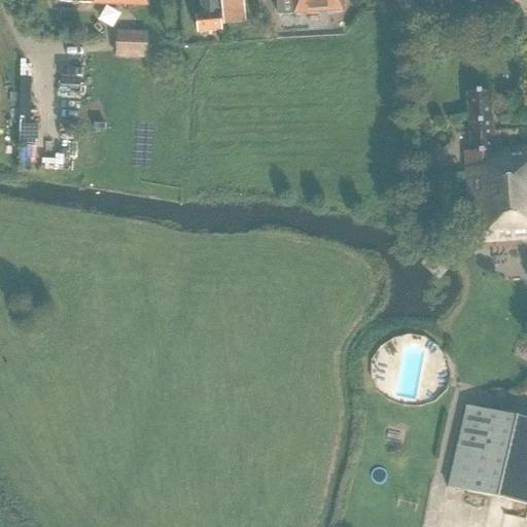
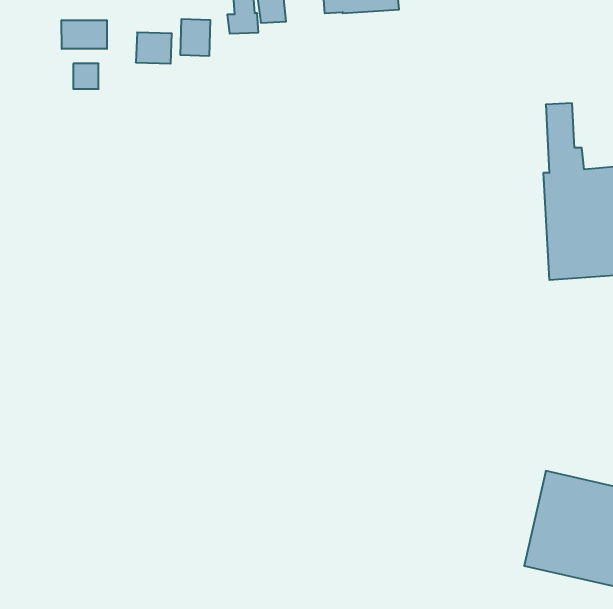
building: none -> [180,19,210,56]
building: none -> [62,20,107,49]

